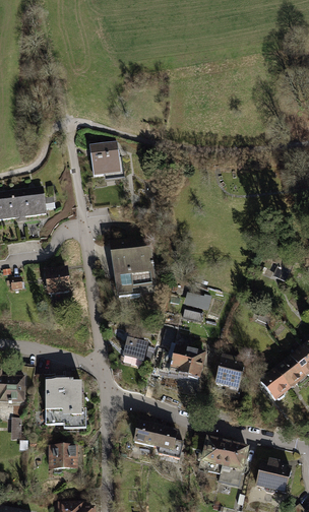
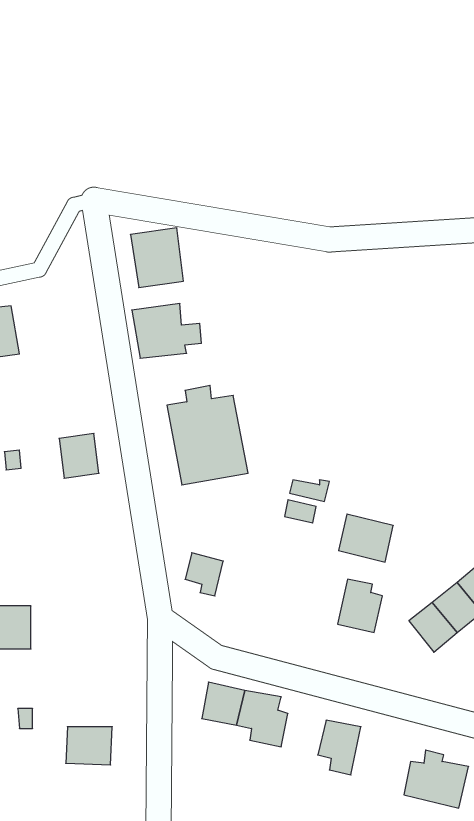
building: [14,184,57,217] -> [132,304,201,358]
building: [169,346,202,376] -> [339,514,393,562]
building: [46,373,86,429] -> none
building: [221,446,251,488] -> none

